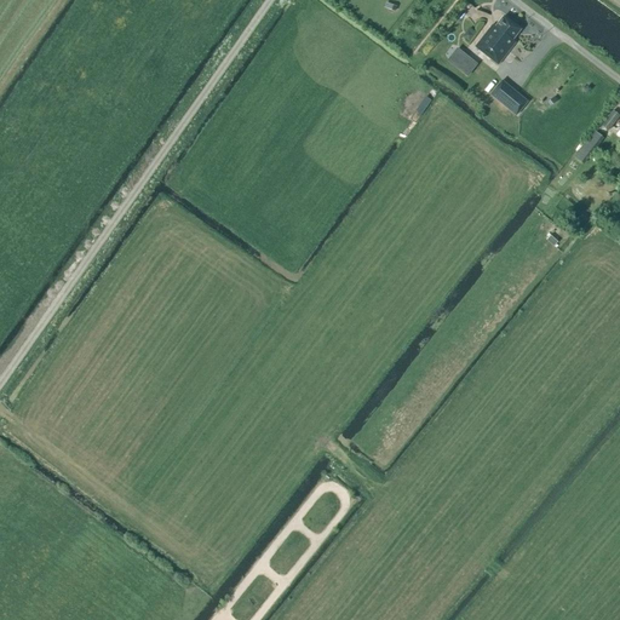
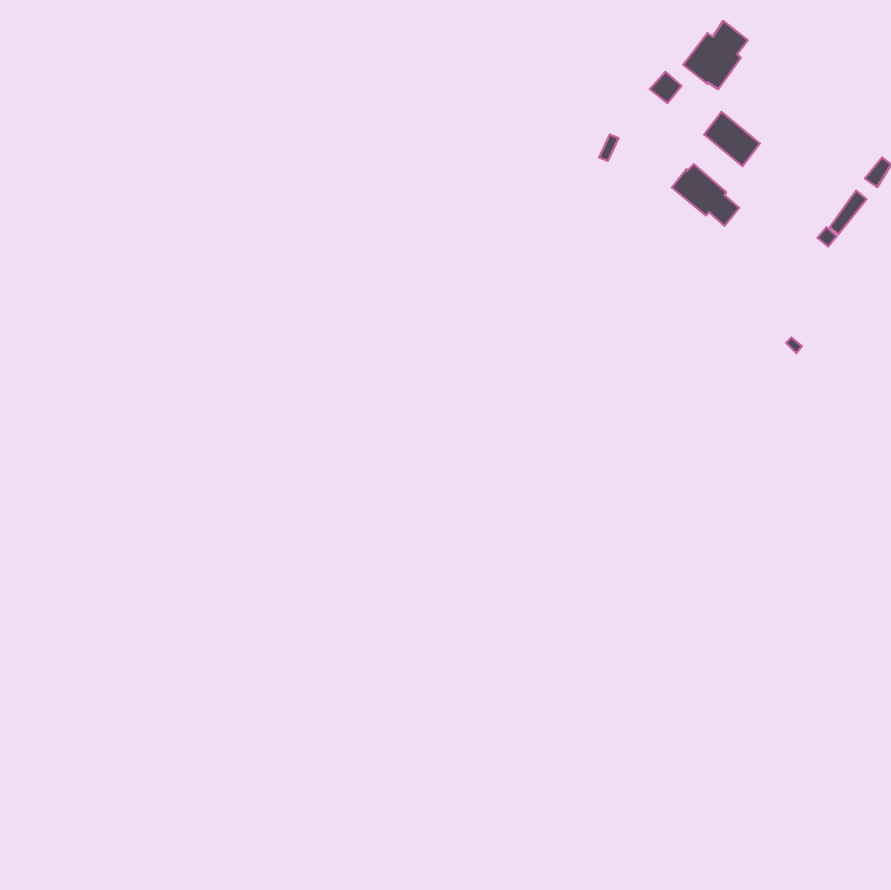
building: none -> [672,164,739,226]

